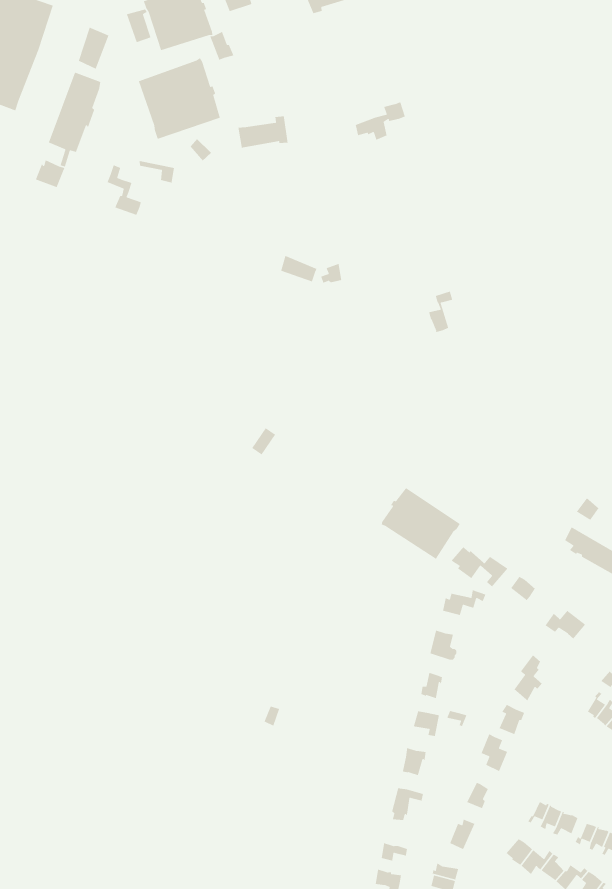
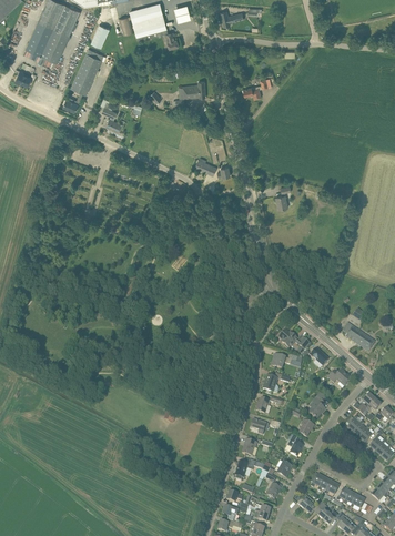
building: [138,57,221,140] -> none
building: [381,487,461,560] -> none

